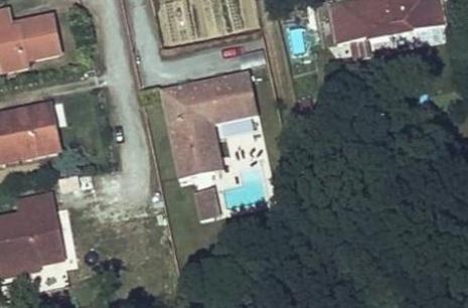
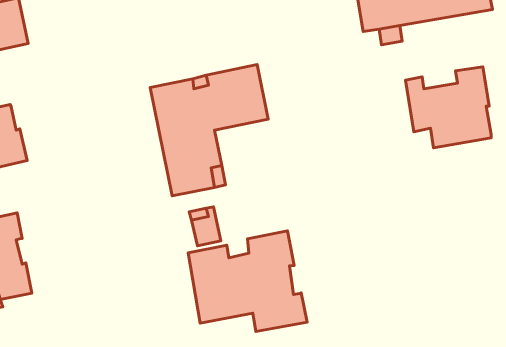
building: none -> [406,67,491,148]
building: none -> [188,231,307,332]

